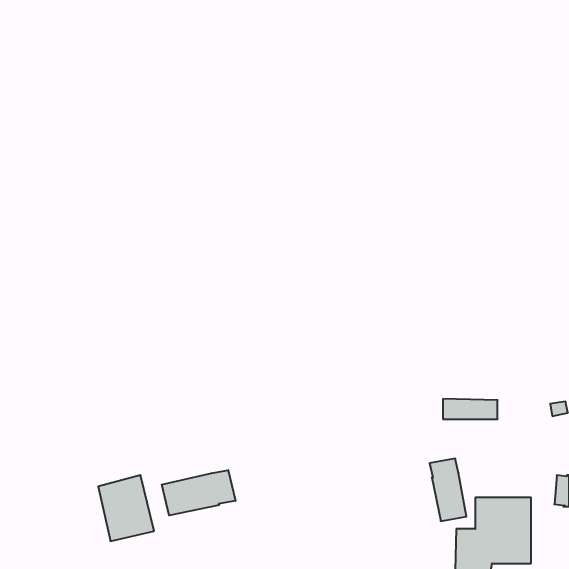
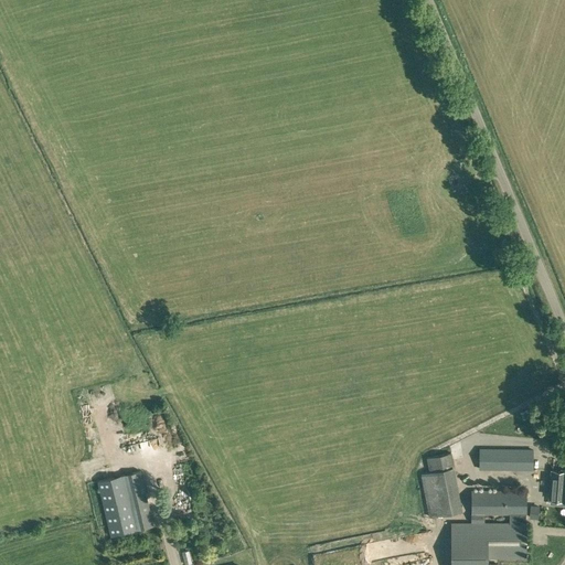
building: [443,399,498,419] -> [478,450,532,470]
building: [162,470,235,515] -> none

